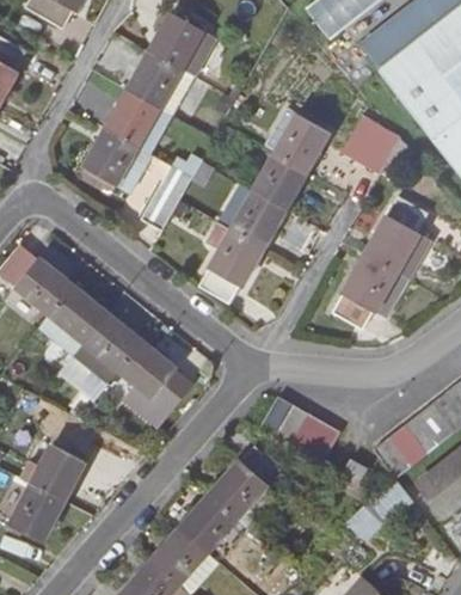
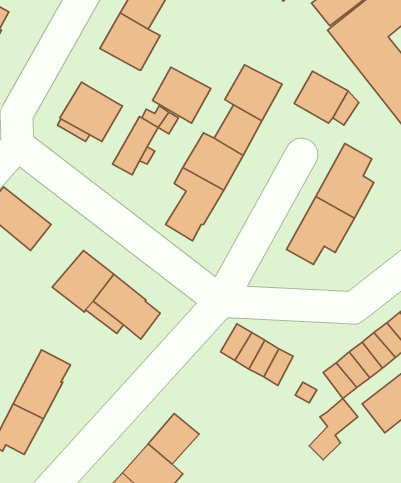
building: [106,91,171,153] -> [152,67,211,123]
building: [39,286,109,355] -> none
building: [209,446,281,526] -> none

